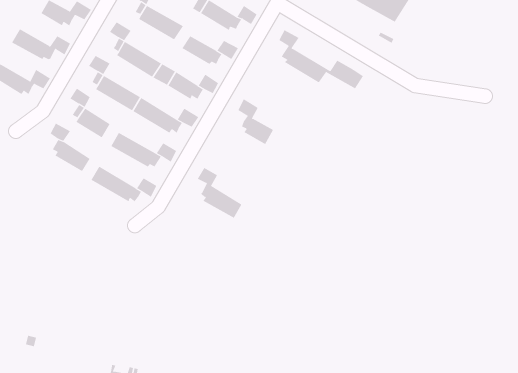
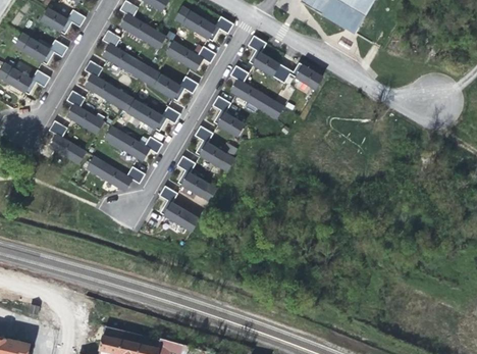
building: none -> [230,66,283,119]
building: none -> [195,128,234,172]
building: none -> [160,188,200,233]

